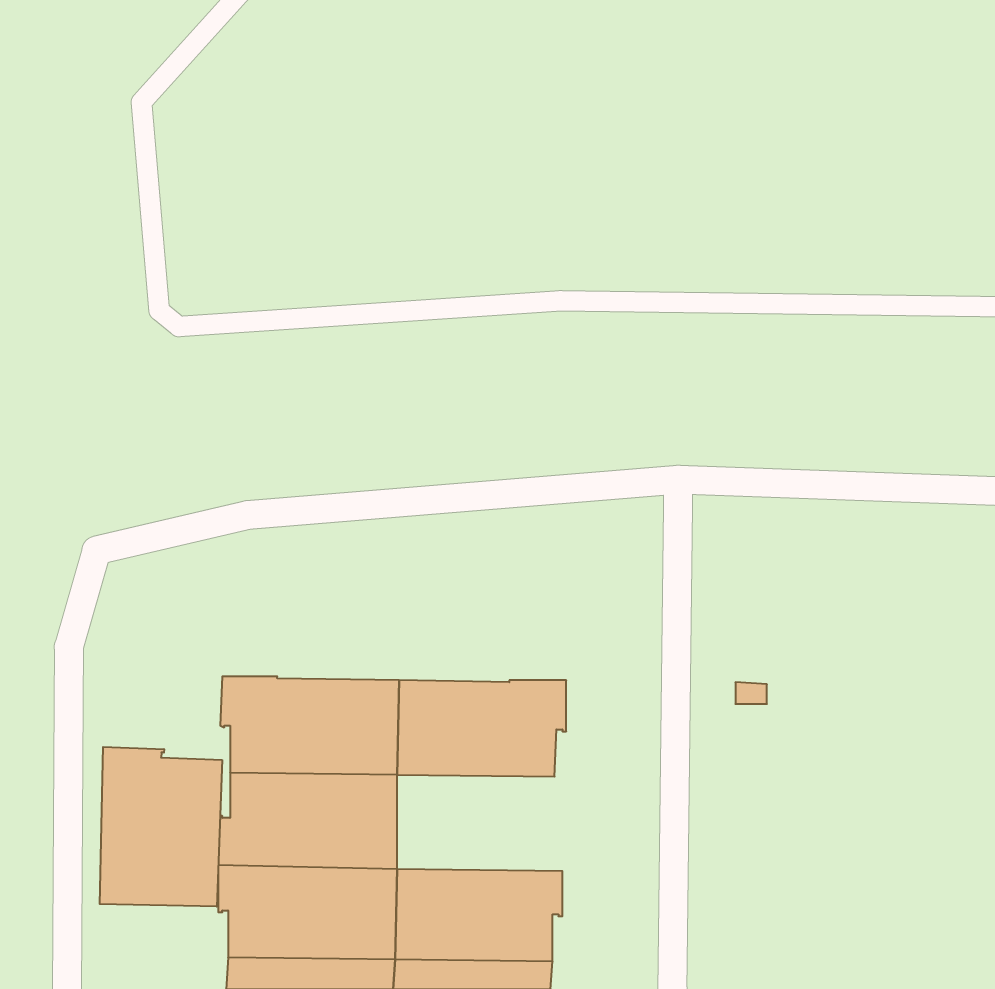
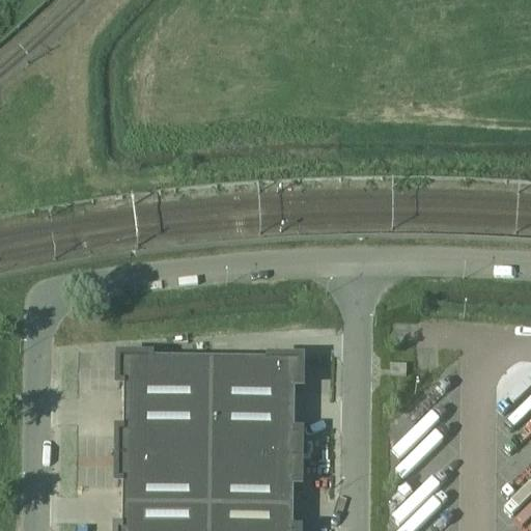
building: [100,747,222,907] -> none
building: none -> [215,409,303,459]

